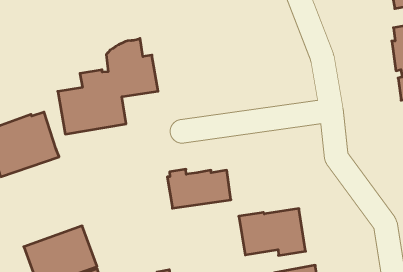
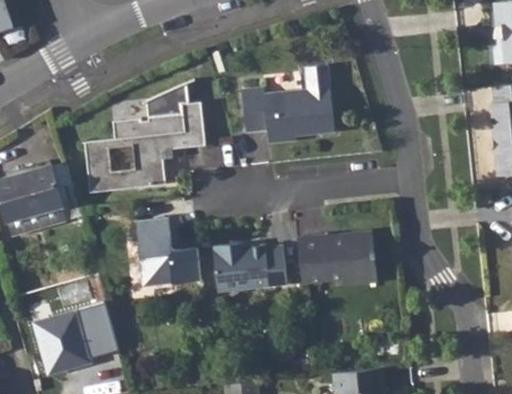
building: none -> [240,65,332,140]
building: none -> [137,219,200,283]
building: [239,209,306,255] -> [297,231,375,286]

